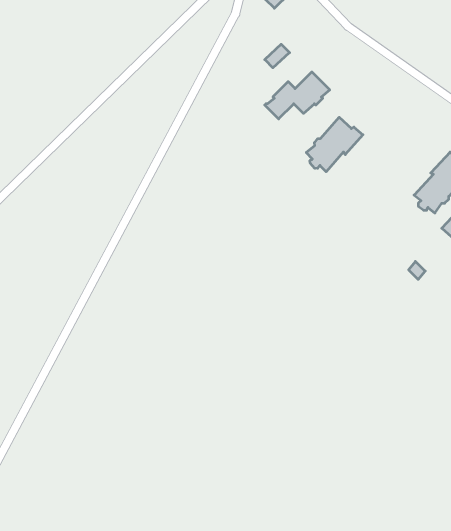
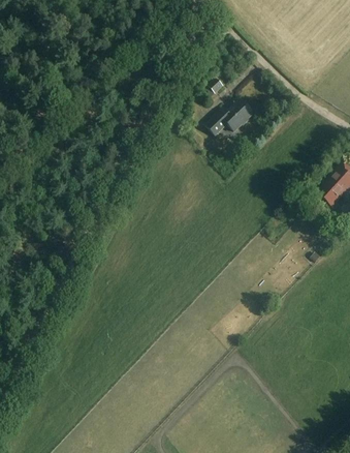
building: [306,117,363,172] -> none

